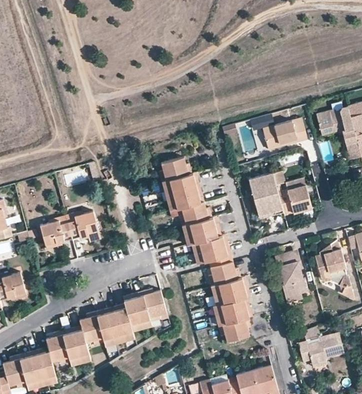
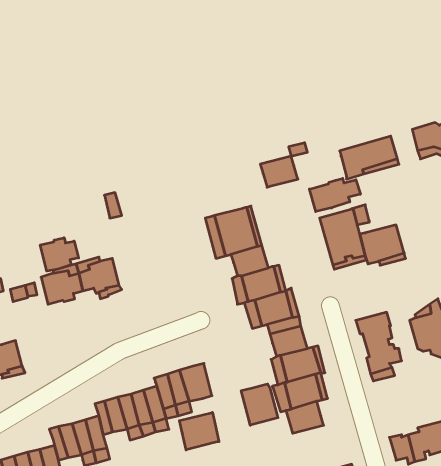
building: none -> [309,178,360,212]
building: [161,157,189,180] -> [260,156,298,187]
building: none -> [40,238,79,271]
building: none -> [241,384,278,425]
building: none -> [179,412,219,450]

